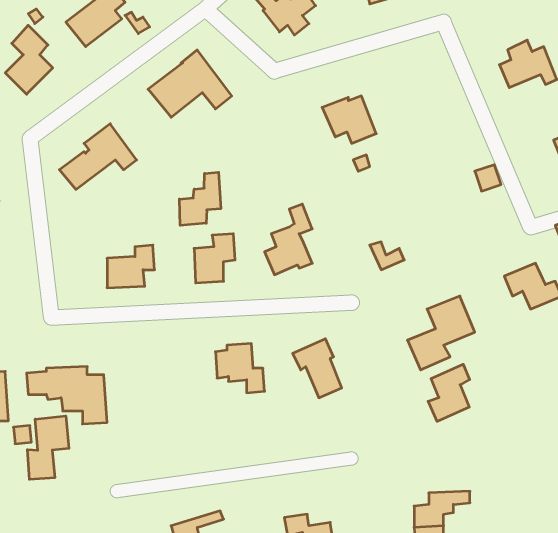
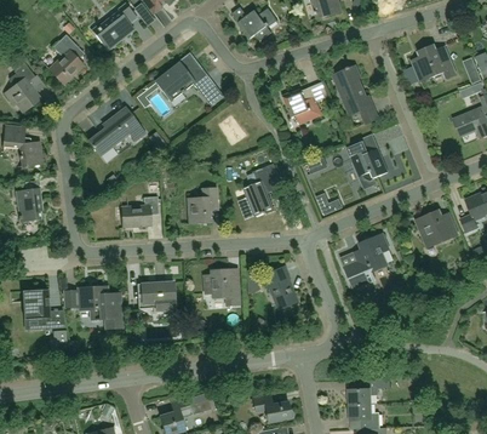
building: none -> [333,64,378,124]
building: none -> [346,141,388,185]
building: [179,172,221,225] -> none
building: none -> [141,281,173,310]
building: [428,364,470,421] -> none
building: [27,416,69,479] -> none

